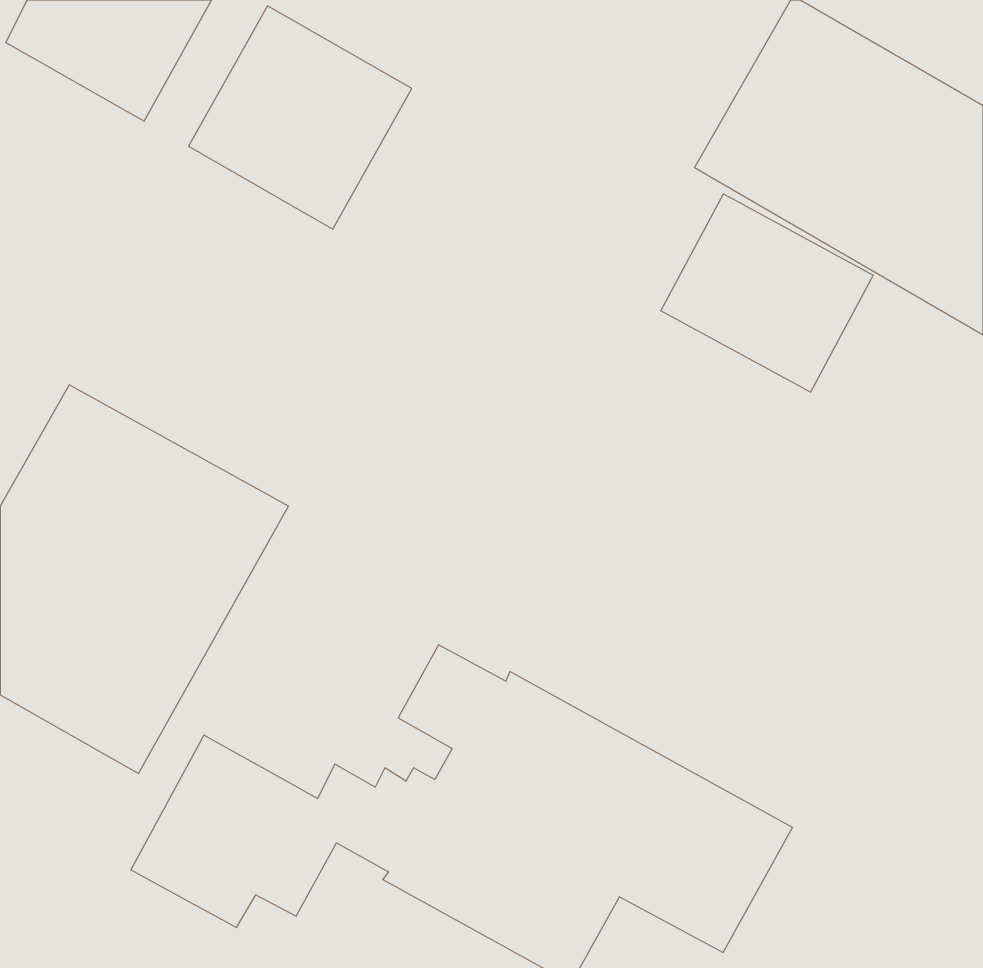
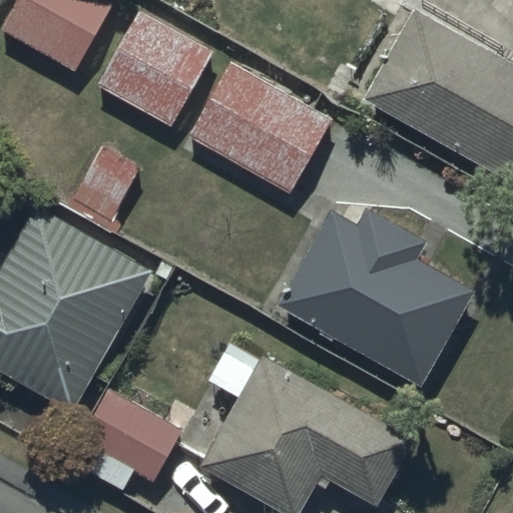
building: none -> [190,63,332,192]
building: [661,194,873,392] -> none
building: none -> [279,206,476,387]

